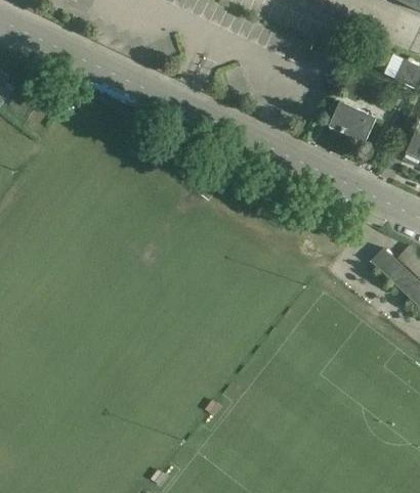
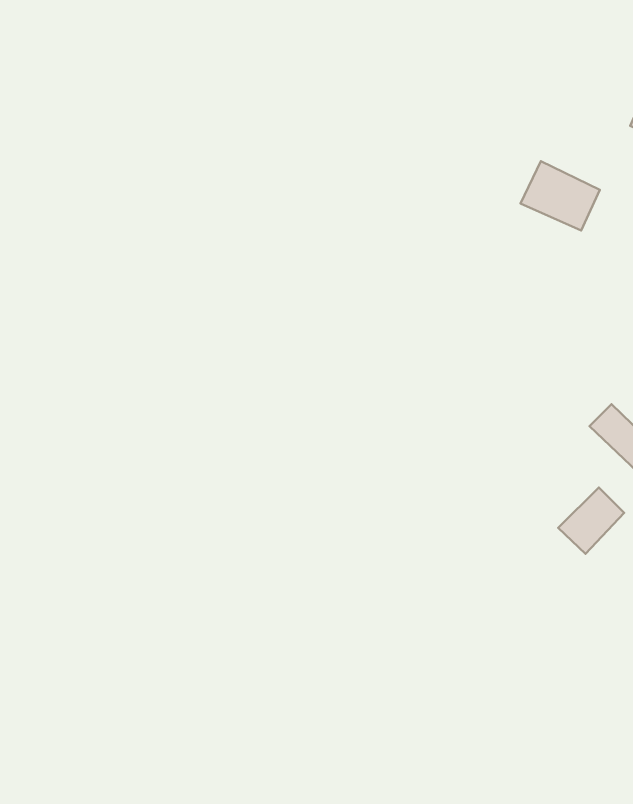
building: none -> [558,488,624,554]

